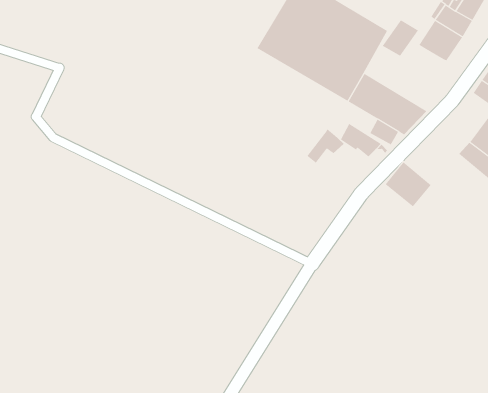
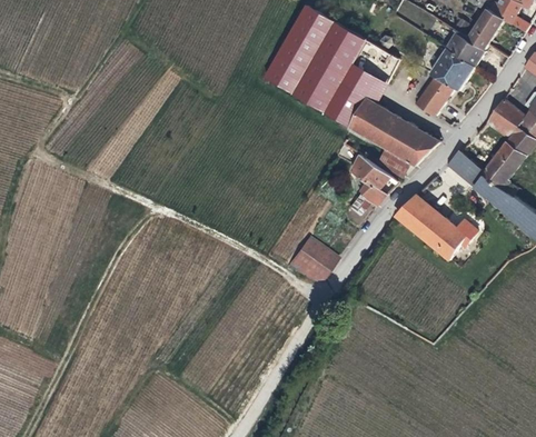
building: [382,20,419,57] -> [416,77,454,115]
building: none -> [446,151,482,185]
building: [306,129,344,163] -> [346,179,385,215]
building: none -> [424,217,476,258]
building: none -> [285,237,335,286]

